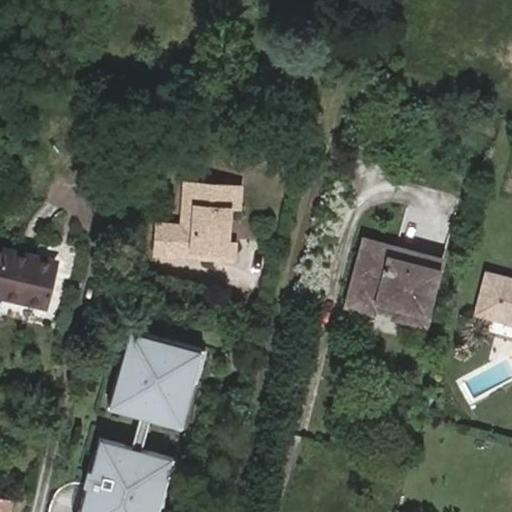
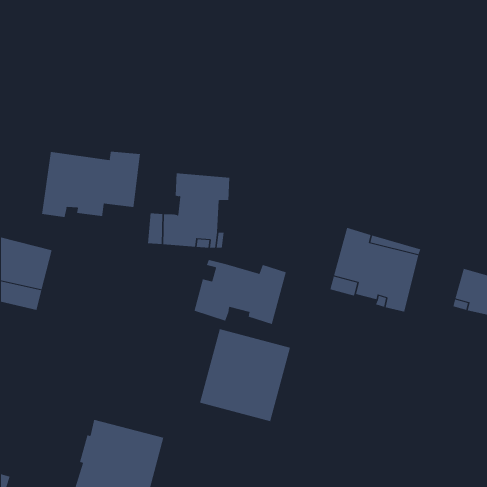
building: none -> [41,151,140,218]
building: none -> [194,259,286,325]
building: [108,330,204,428] -> [199,328,291,422]

